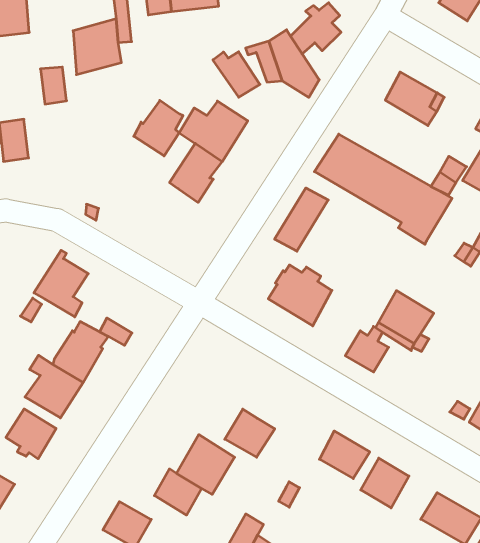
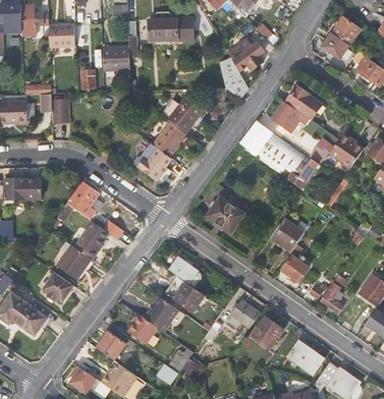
building: [213,52,260,97] -> none
building: none -> [273,101,314,132]
building: [134,100,183,156] -> [141,146,171,179]
building: [275,188,328,251] -> none
building: [345,326,389,372] -> [283,253,310,281]
building: none -> [169,258,201,287]

